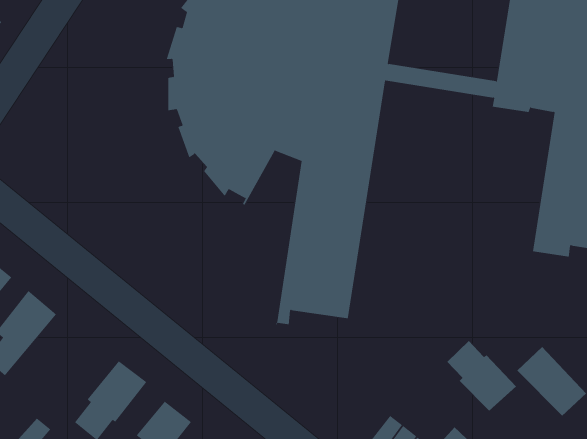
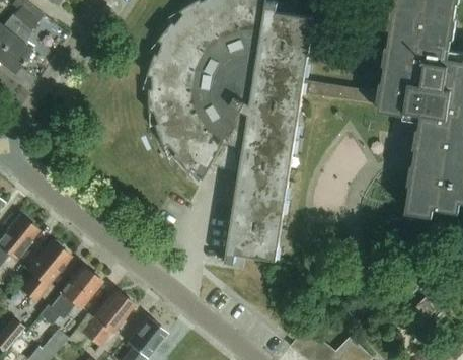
building: none -> [40,267,101,326]
building: [447,340,517,411] -> none

